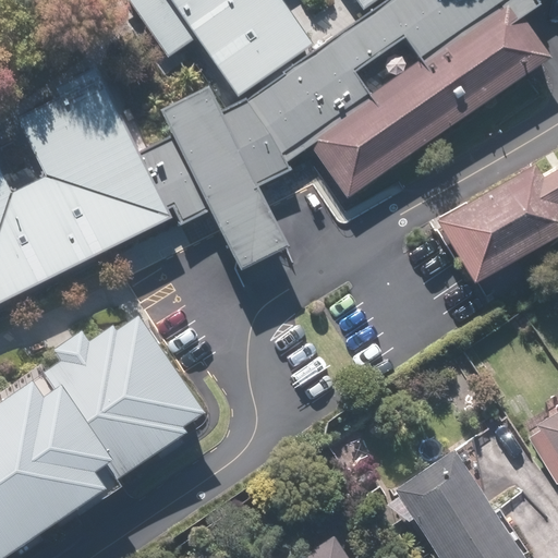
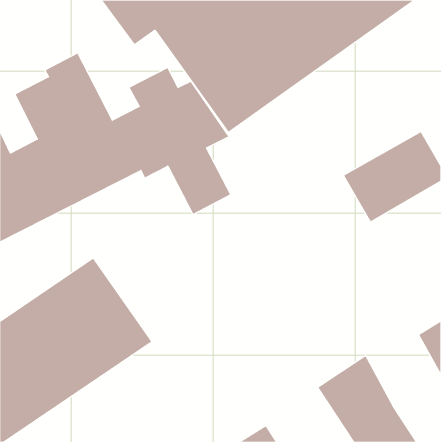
building: [313,8,548,198] -> none

